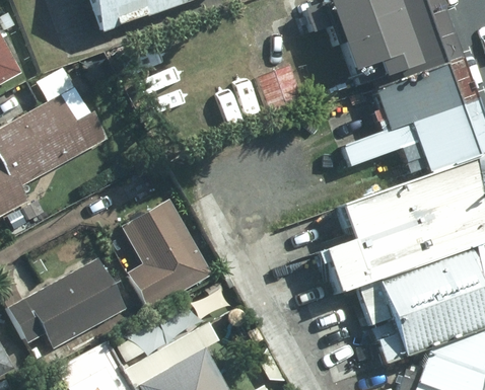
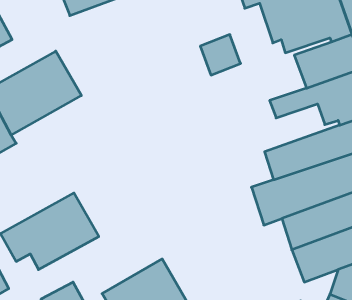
building: [121,198,213,313] -> none

